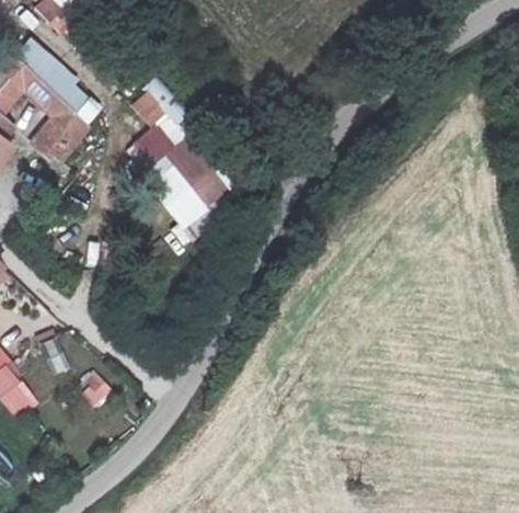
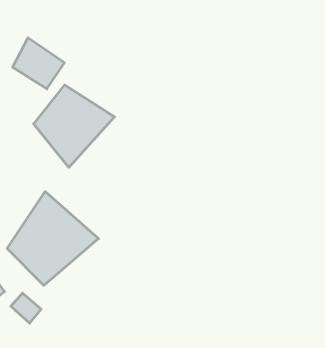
building: none -> [7,192,99,285]

